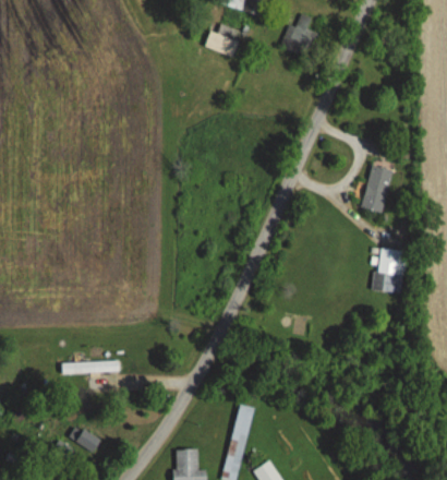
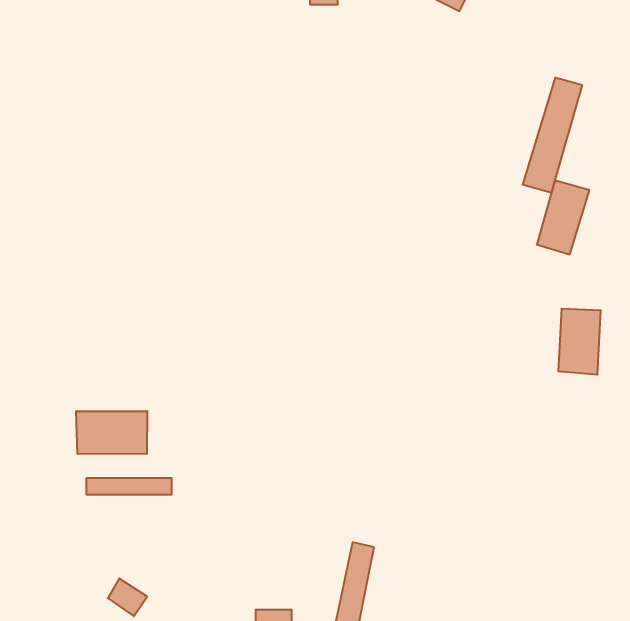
building: none -> [523,78,582,193]
building: none -> [76,411,147,454]

